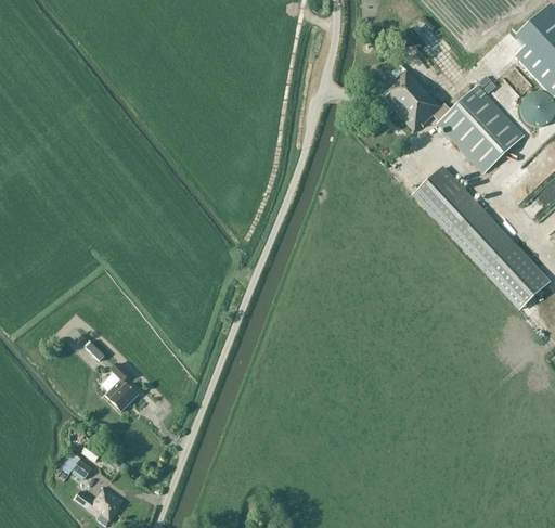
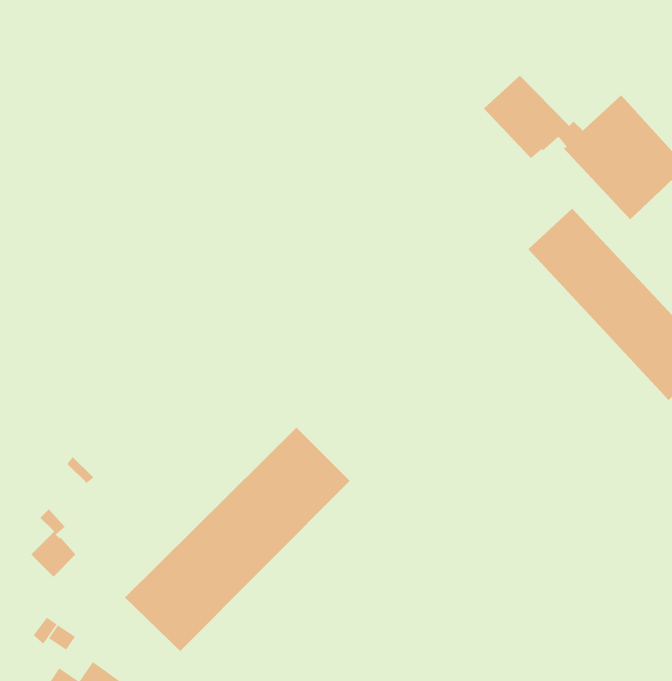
building: none -> [124,427,351,652]
building: [105,362,138,411] -> [30,509,76,577]

